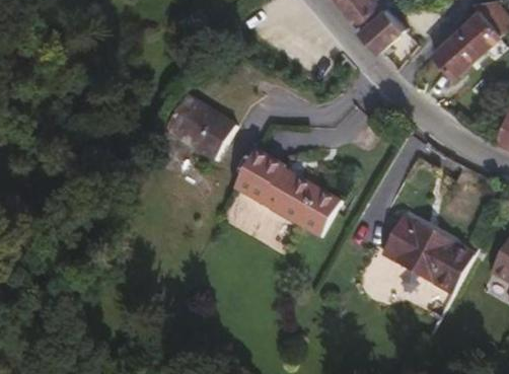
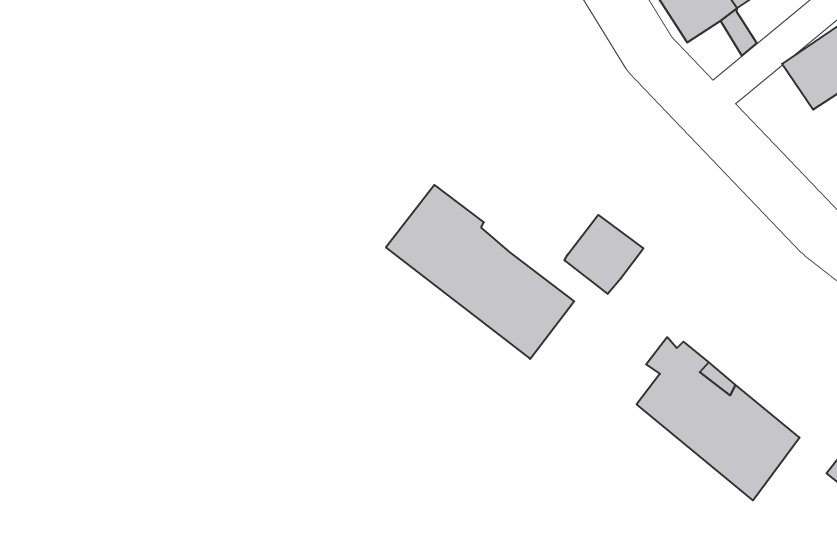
building: [161,92,233,160] -> none
building: none -> [564,215,643,294]

